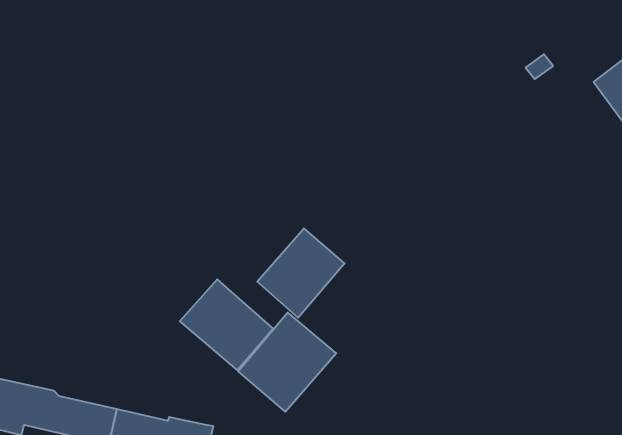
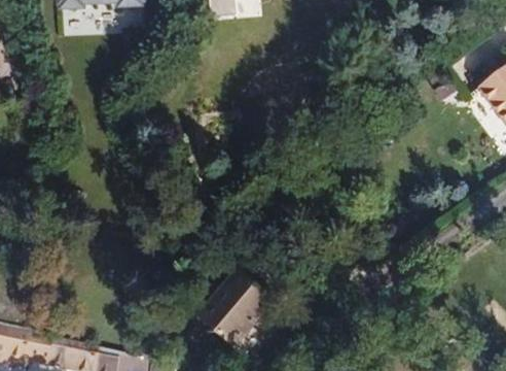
building: [257,228,345,318] -> none
building: [180,279,273,370] -> none

